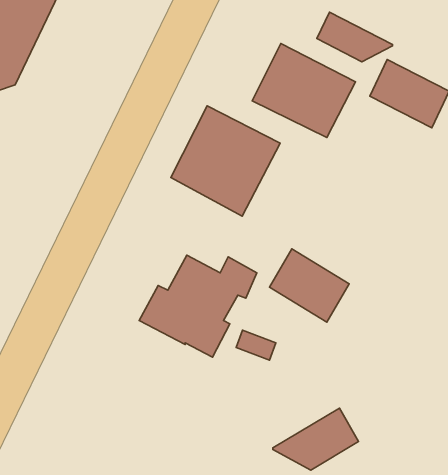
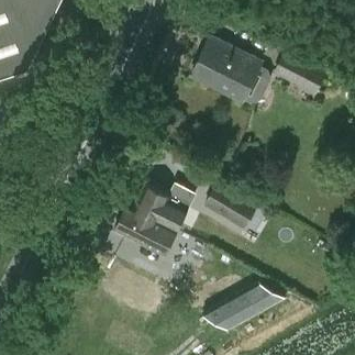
building: [317,12,393,62] -> none
building: [171,106,280,216] -> none

